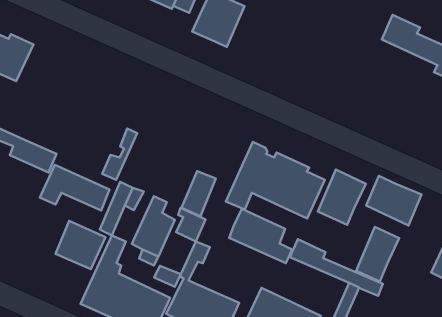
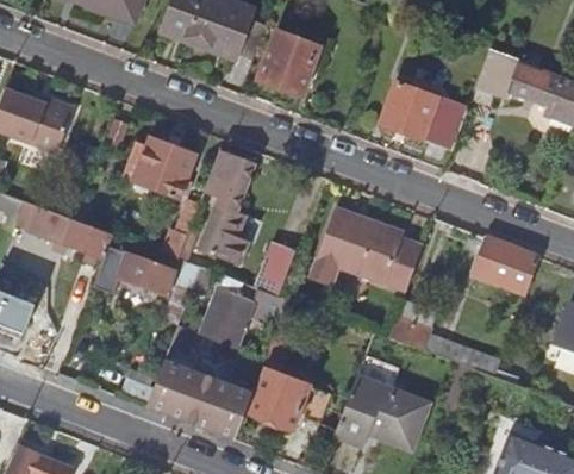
building: none -> [379,82,468,150]
building: none -> [124,138,195,199]
building: none -> [200,150,255,263]
building: [318,170,366,225] -> none
building: [229,209,292,263] -> none
building: [55,221,105,269] -> none
building: [356,227,399,282] -> none

